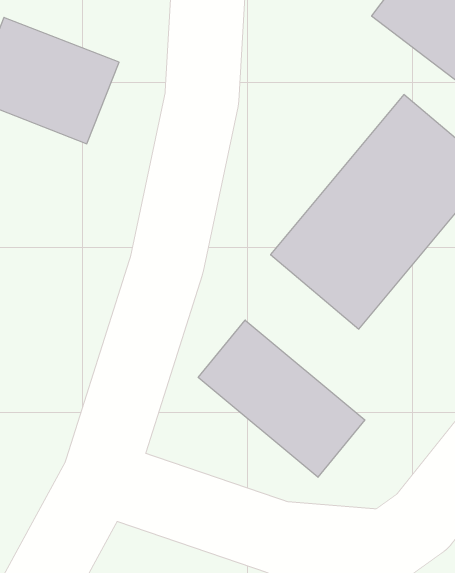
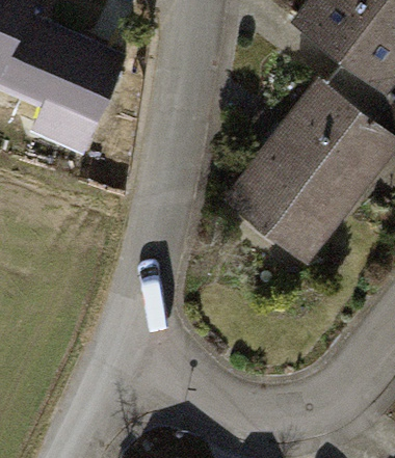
building: [198,320,365,477] -> none

